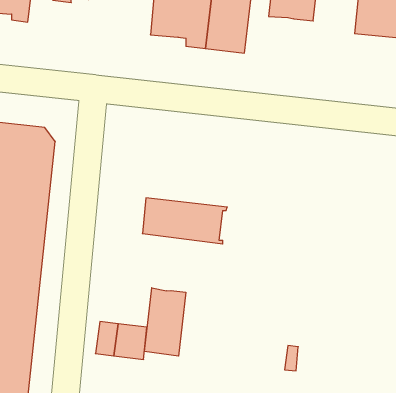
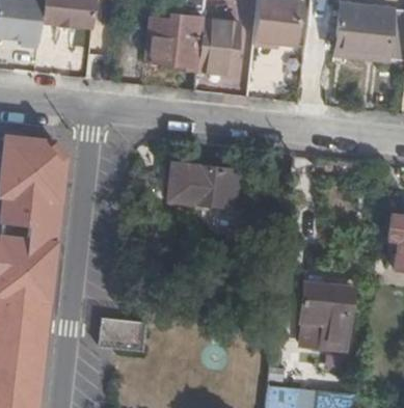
building: [142,198,227,244] -> [167,165,244,207]
building: none -> [303,276,351,349]
building: [144,288,186,356] -> none

